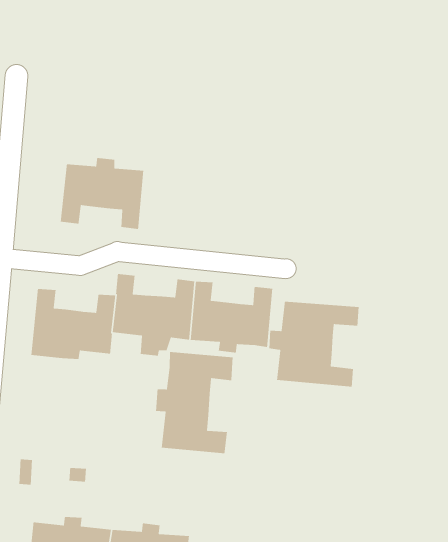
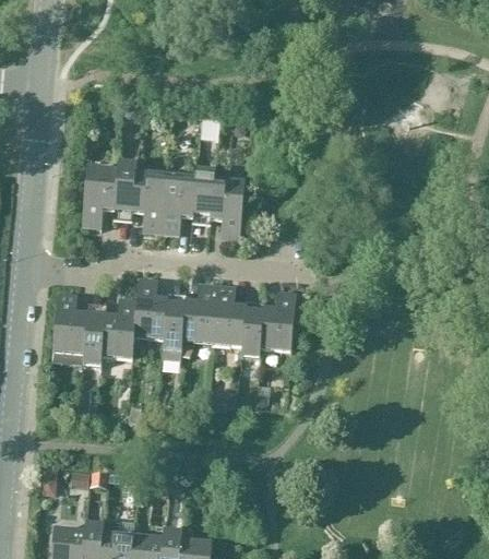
building: none -> [159,168,243,241]
building: [268,301,360,387] -> none
building: [155,351,234,454] -> none

